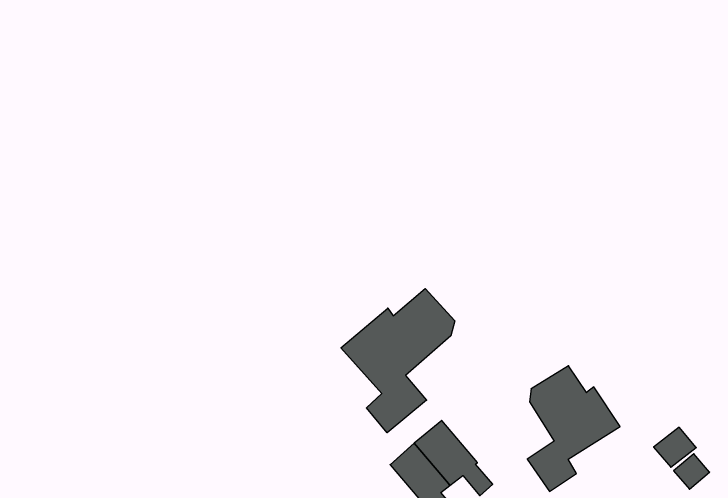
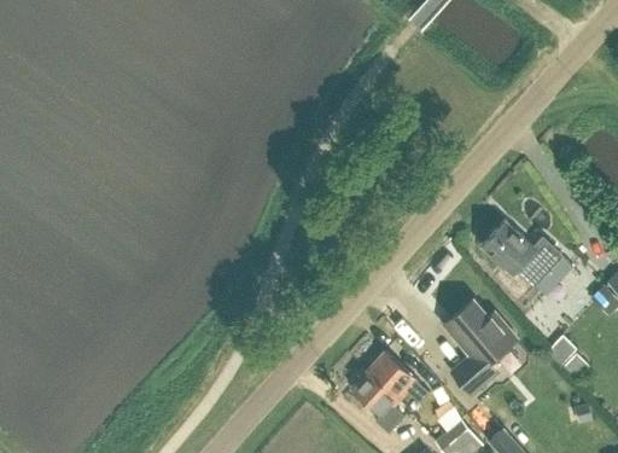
building: none -> [483,220,564,285]
building: [341,289,455,433] -> none

